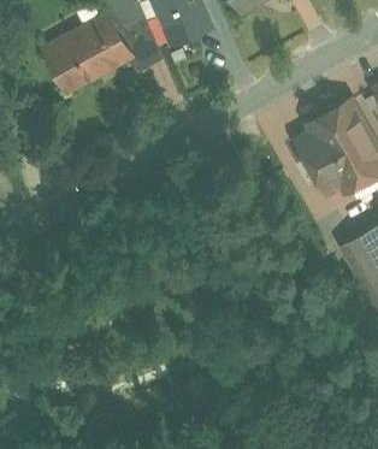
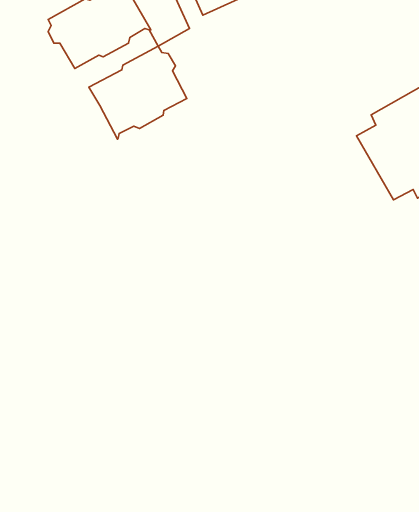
building: none -> [89,46,187,139]

